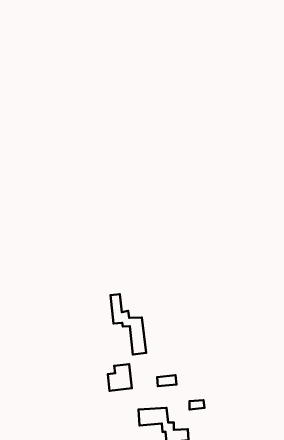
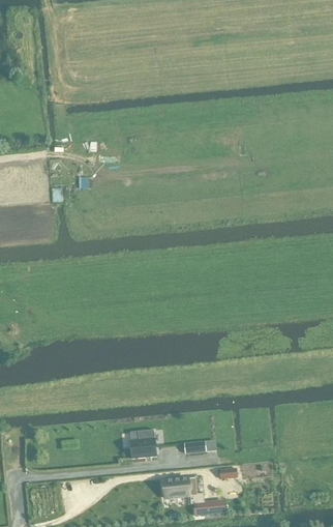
building: [111,294,146,355] -> none

